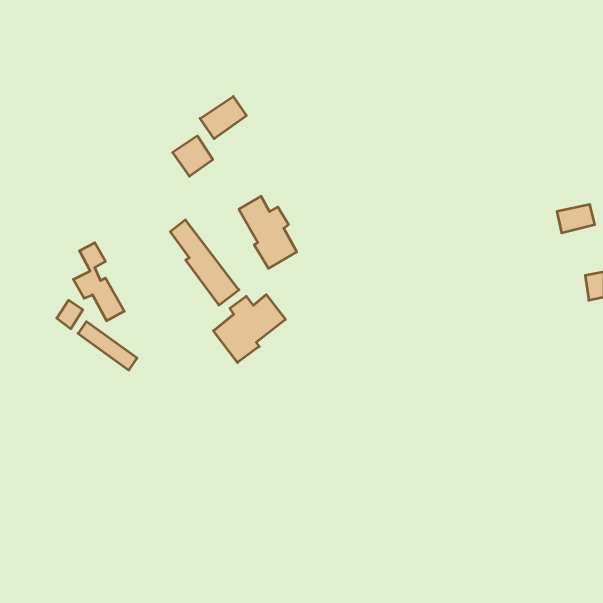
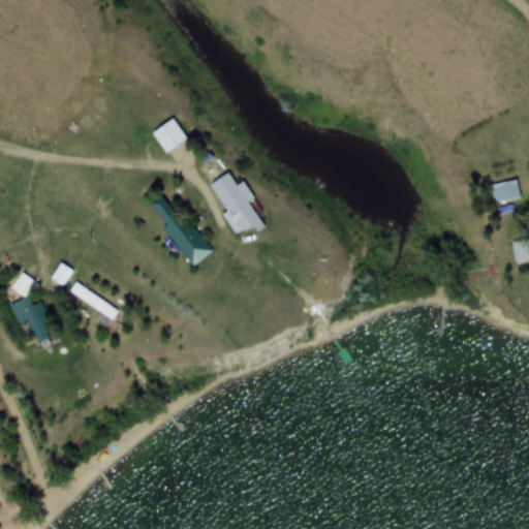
building: [200,96,246,139] -> none
building: [73,243,124,321] -> [9,274,54,342]
building: [213,295,285,363] -> none

